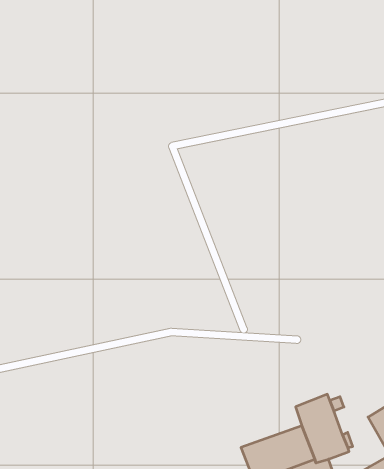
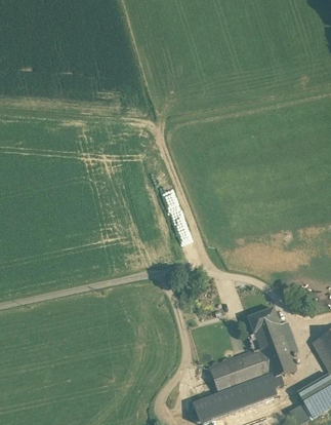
building: none -> [248,307,280,333]

